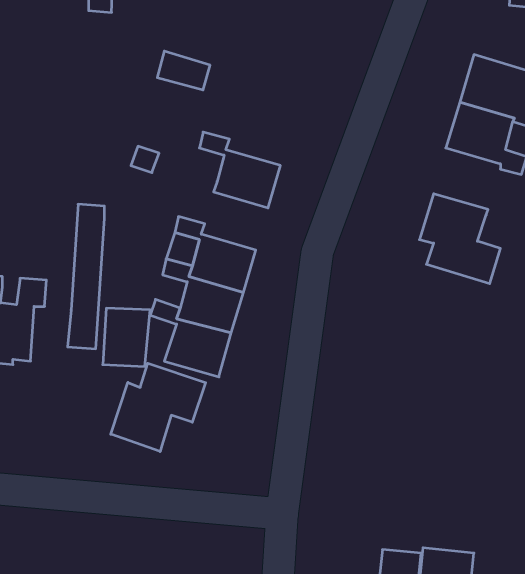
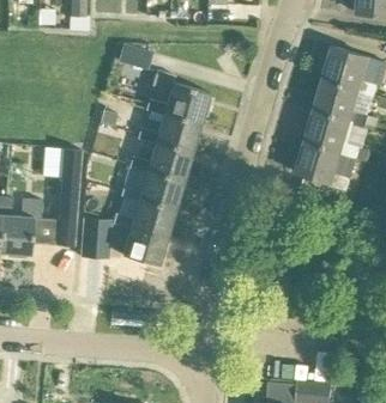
building: none -> [151,69,209,121]
building: none -> [304,109,360,158]
building: none -> [137,127,192,178]
building: [111,363,206,452] -> none

